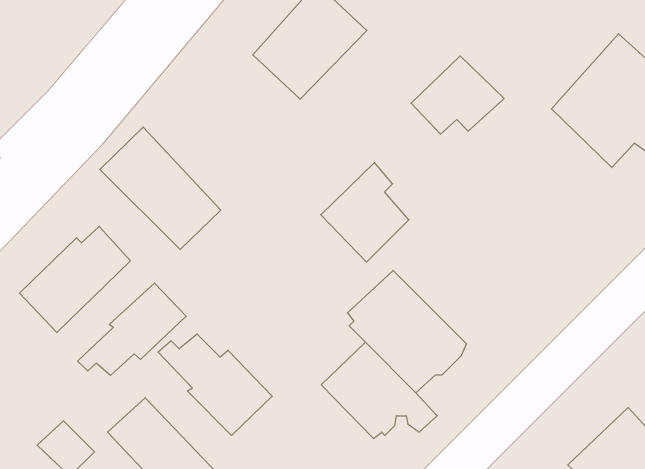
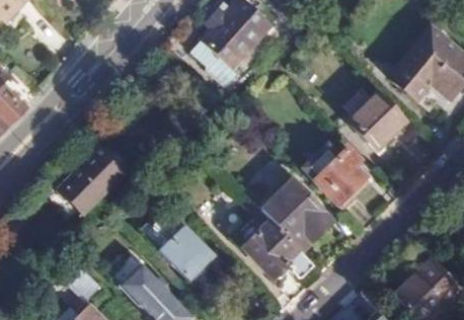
building: [411,56,504,134] -> [349,92,406,141]
building: [100,127,221,250] -> none
building: [321,163,409,262] -> [315,146,370,208]
building: [78,283,186,375] -> none

